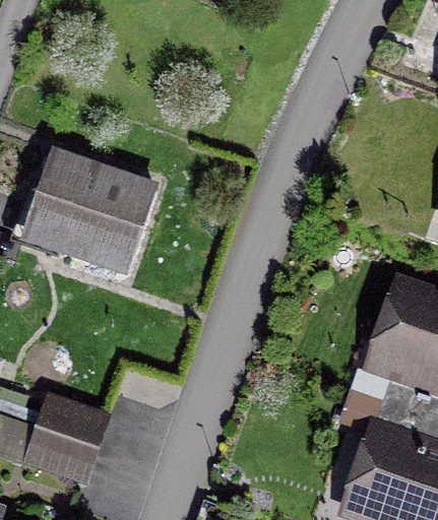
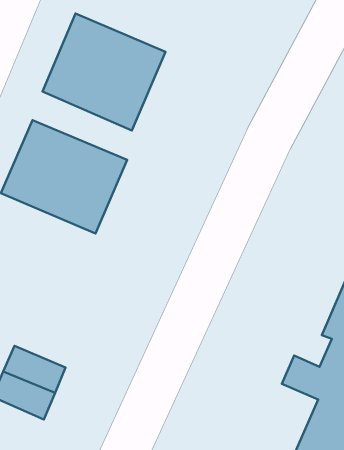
building: none -> [43,13,165,131]

